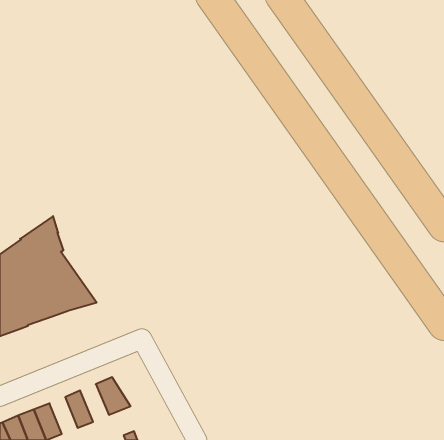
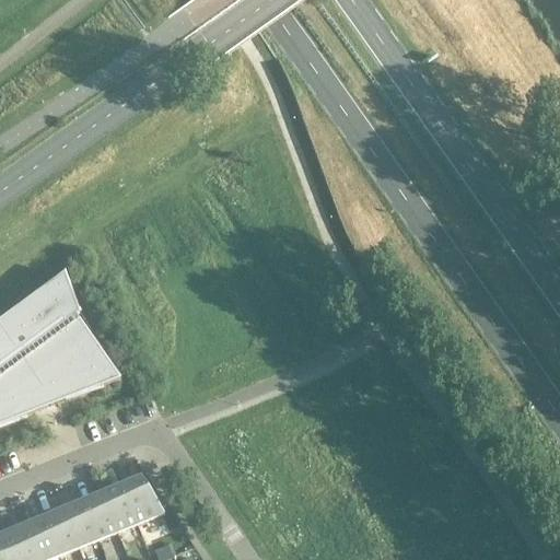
building: none -> [101,482,137,529]
building: none -> [62,499,97,545]

